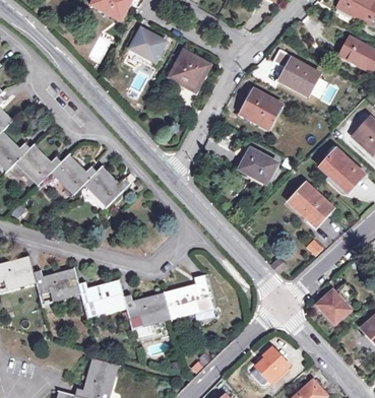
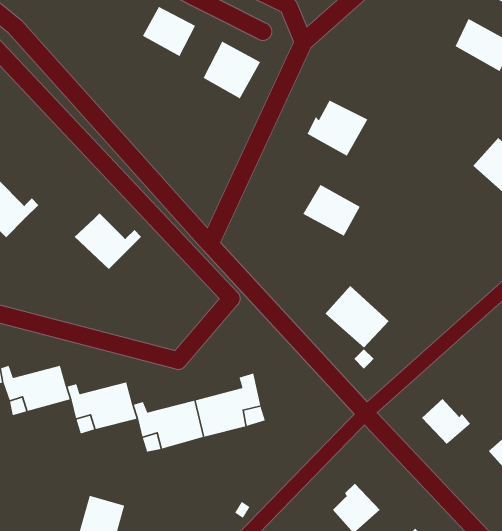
building: [280,58,319,95] -> none
building: [319,148,362,190] -> none
building: [51,153,97,193] -> none
building: [288,182,331,224] -> [325,285,390,348]

